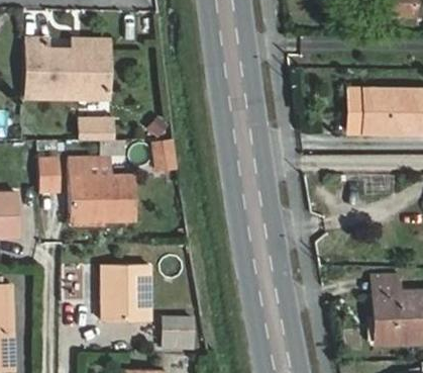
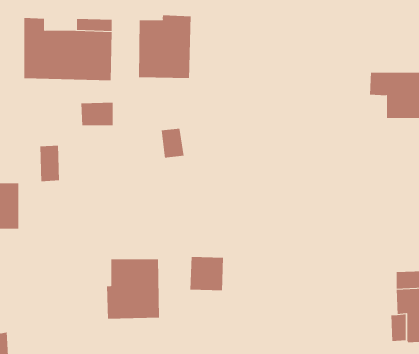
building: none -> [138,14,191,79]
building: [69,159,136,222] -> none
building: [162,317,194,350] -> [190,256,224,291]

